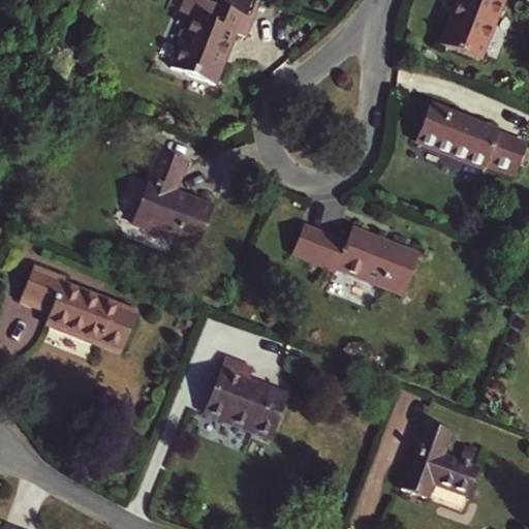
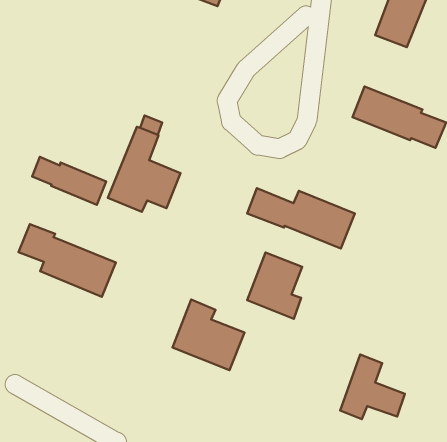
building: [173,4,254,82] -> none
building: none -> [32,157,106,205]
building: none -> [247,253,302,319]

